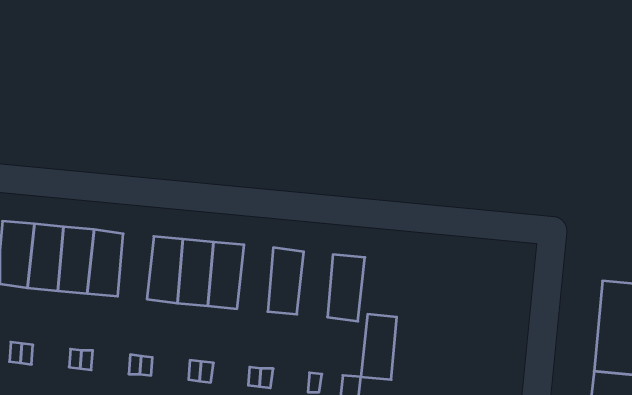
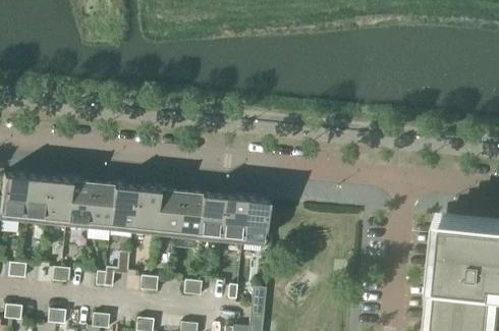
building: none -> [88,181,114,229]
building: none -> [175,189,202,238]
building: [361,314,397,380] -> [219,195,245,242]

